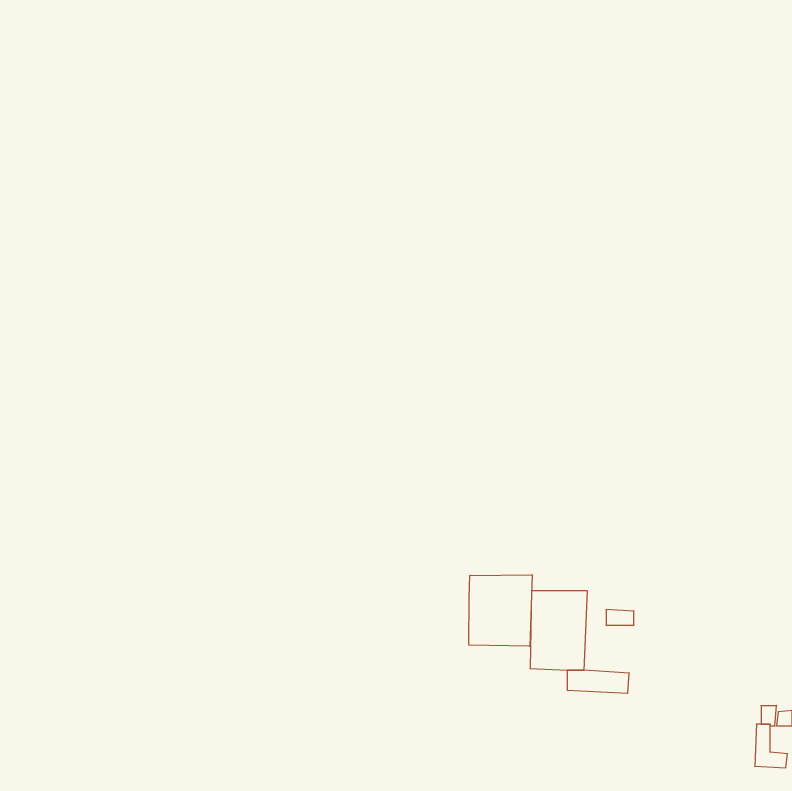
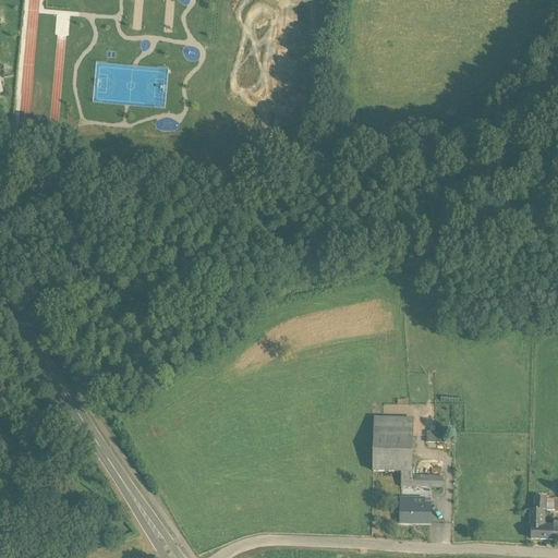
building: [469,575,532,646] -> none
building: none -> [400,496,430,521]

